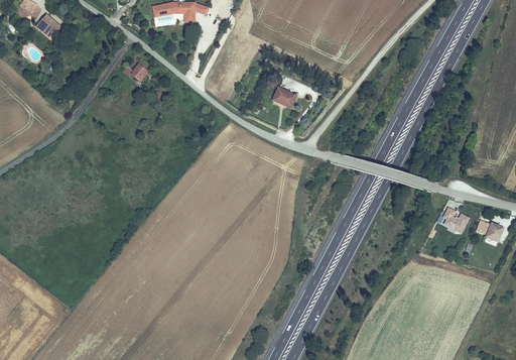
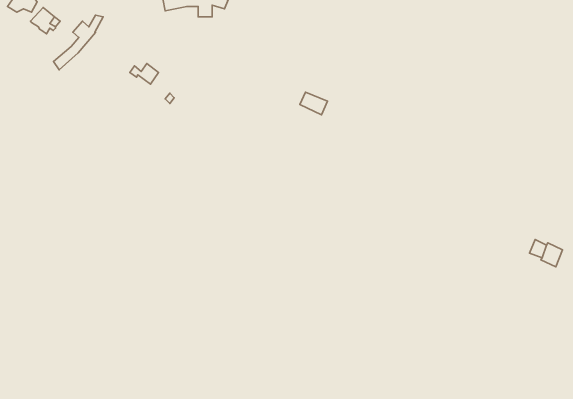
building: none -> [54,15,103,70]
building: [442,206,471,232] -> none

